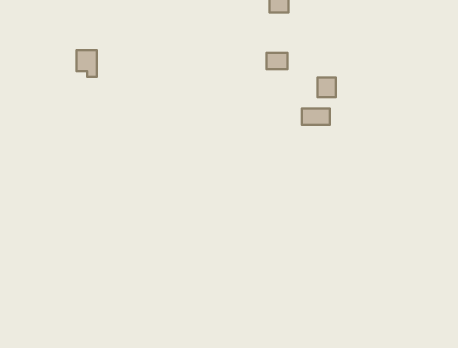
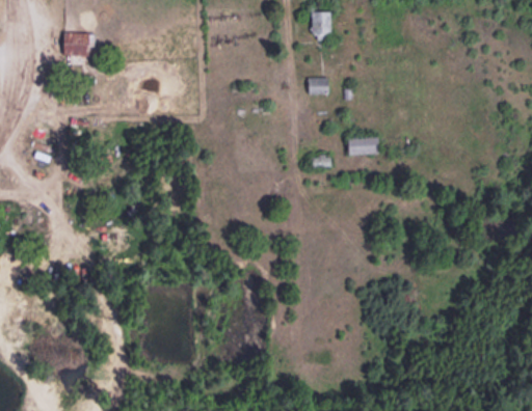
building: [77,50,97,77] -> [69,34,90,63]
building: [317,77,336,97] -> none

